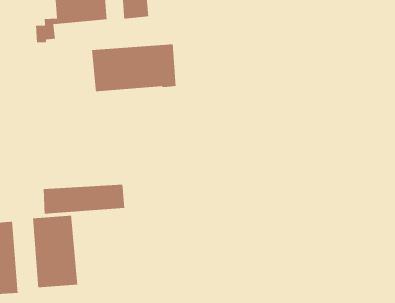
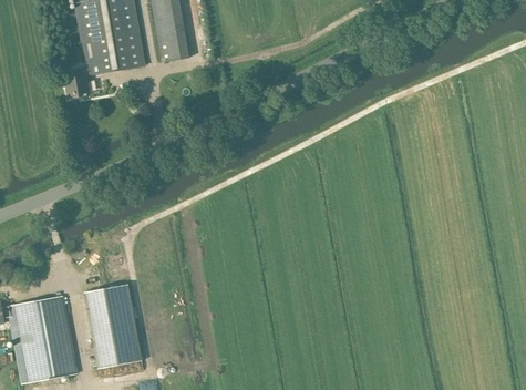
building: [91,44,177,92] -> none
building: [43,184,125,215] -> none

